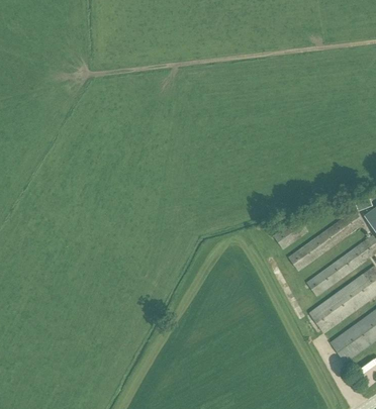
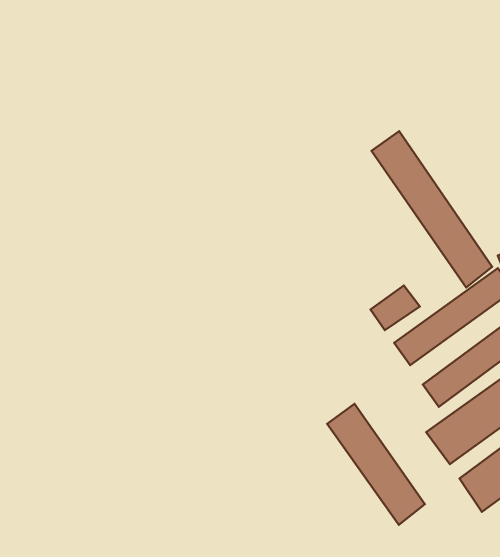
building: none -> [372,131,492,287]
building: none -> [327,404,425,525]

